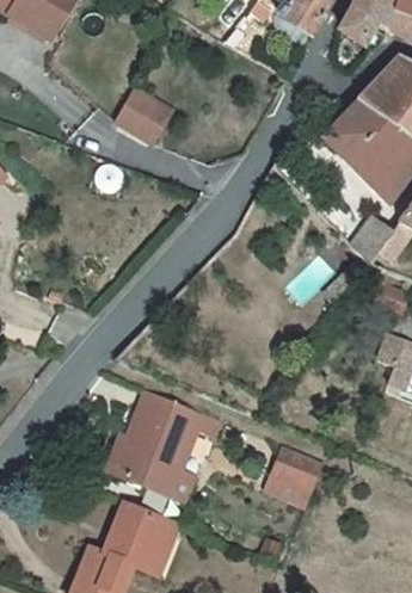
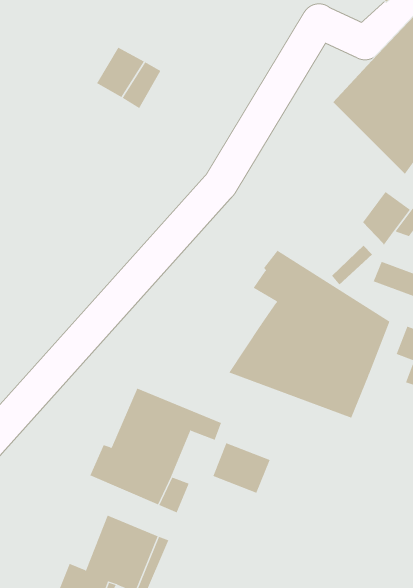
building: none -> [229,250,390,419]
building: [272,444,324,489] -> [212,442,270,494]

